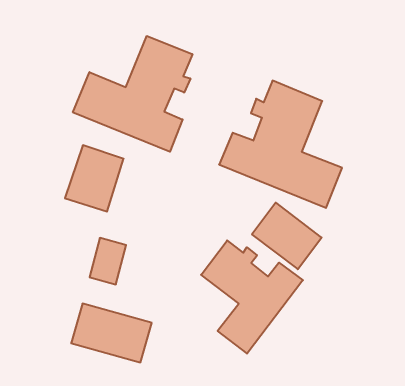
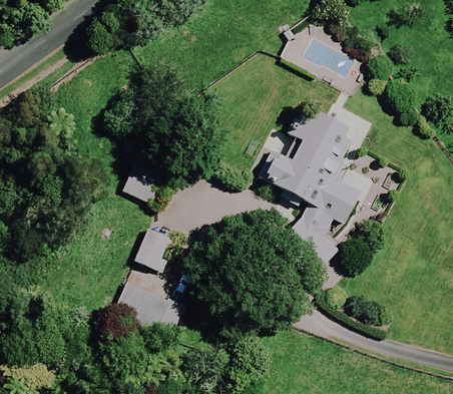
building: [73,36,192,152] -> none
building: [201,240,303,354] -> none

